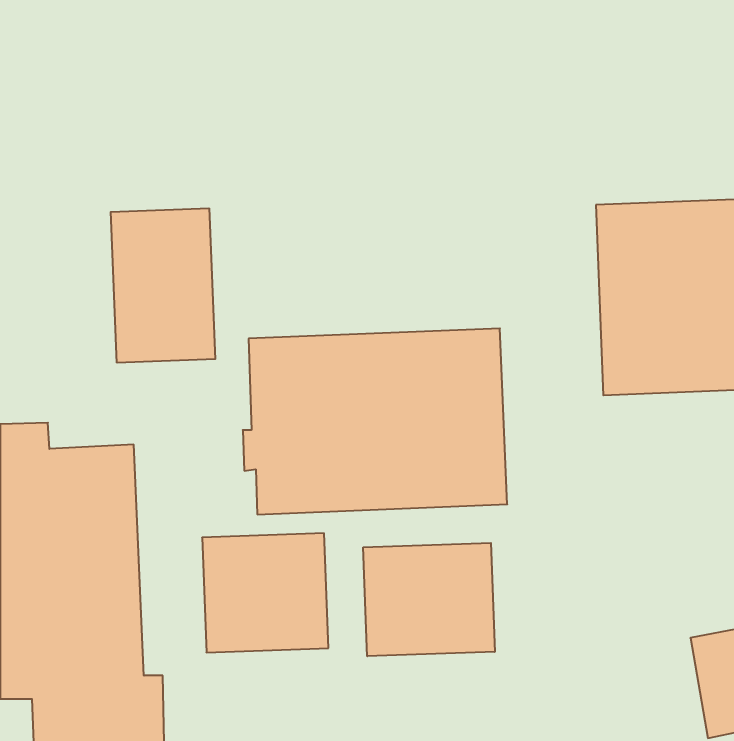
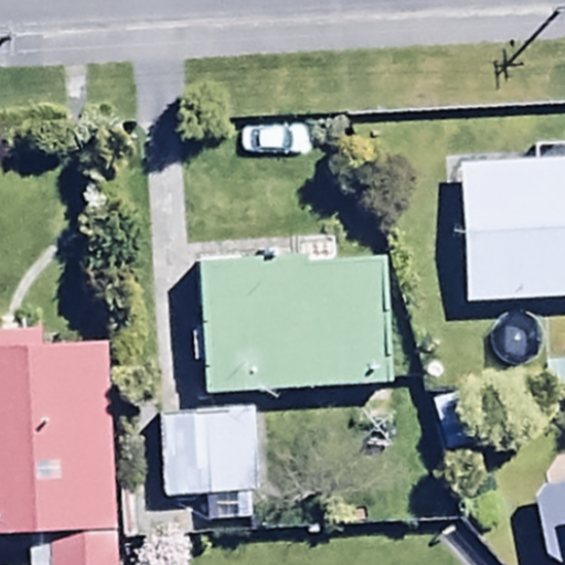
building: [111,208,215,363] -> none
building: [363,543,495,656] -> none

